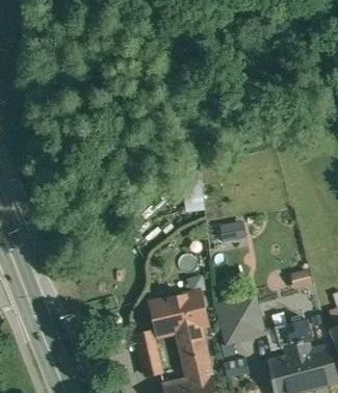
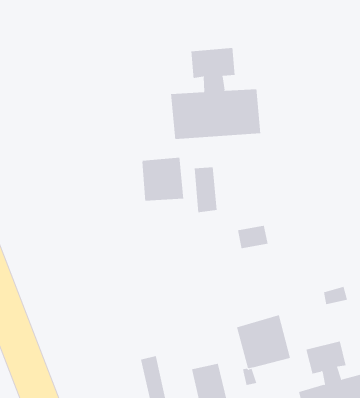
building: none -> [170,47,261,140]
building: none -> [142,157,184,202]
building: [151,293,206,343] -> none

